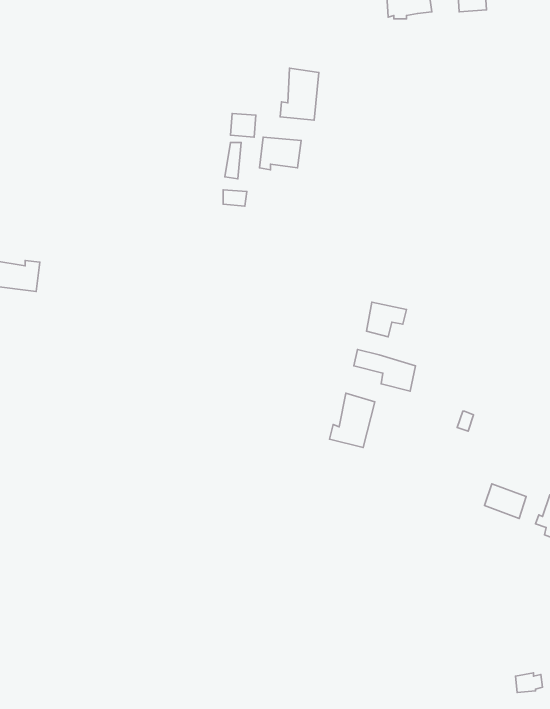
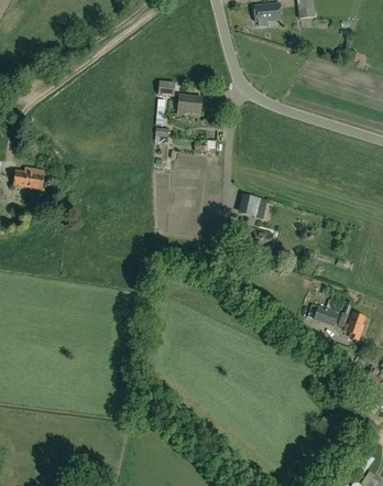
building: [280,68,319,120] -> none
building: [330,393,375,448] -> none

